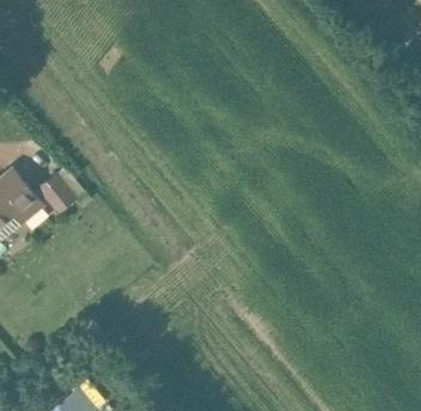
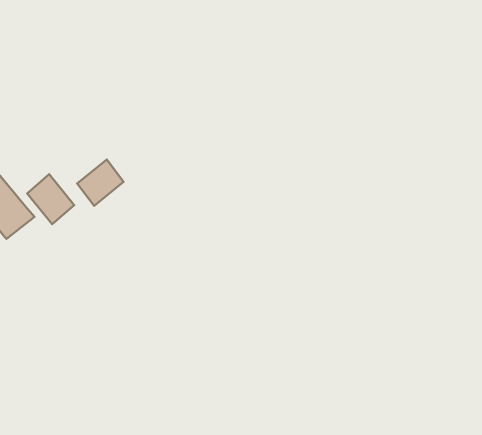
building: none -> [77,160,124,206]

